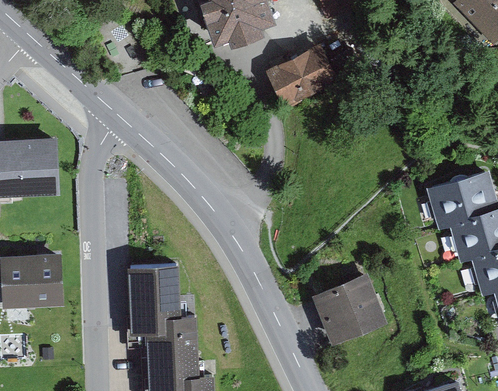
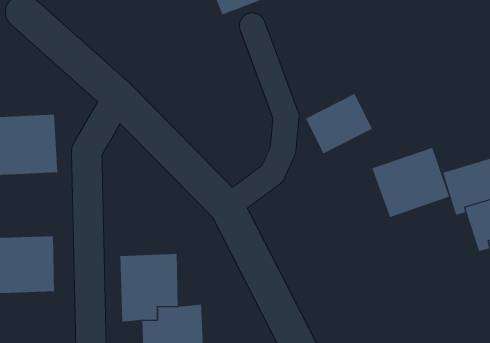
building: [271,44,335,102] -> [305,93,373,154]
building: [313,279,387,346] -> [372,147,450,218]

